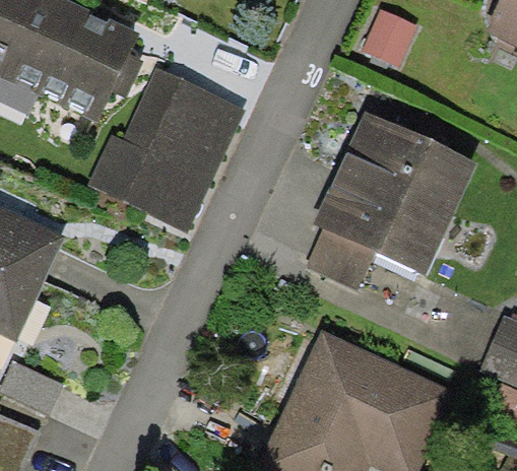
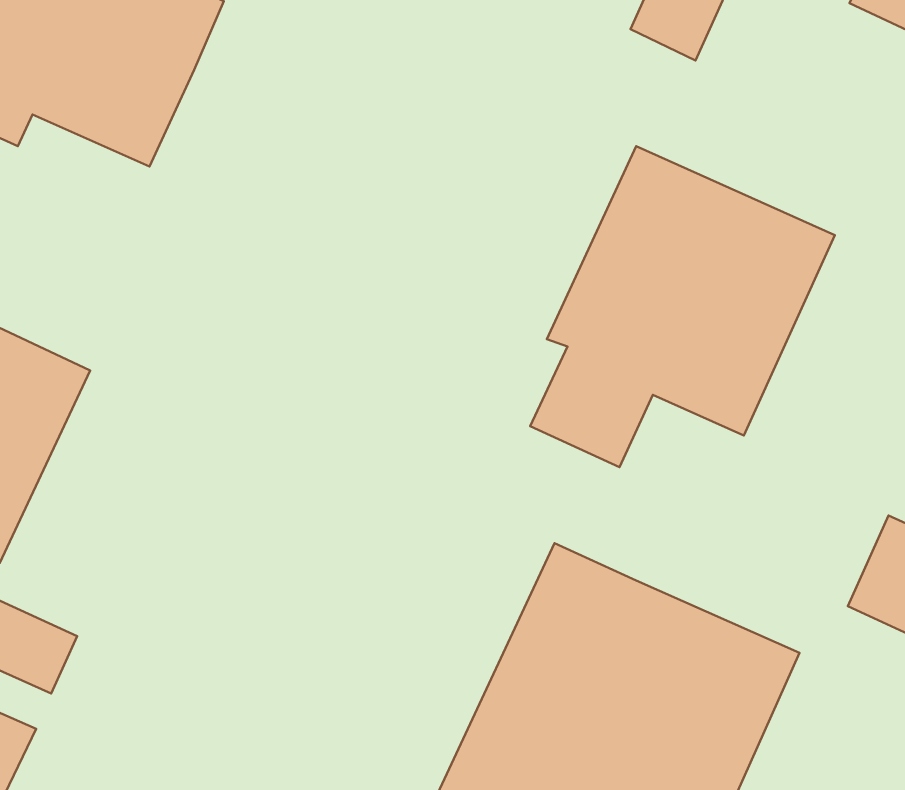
building: [92,70,243,228] -> none

